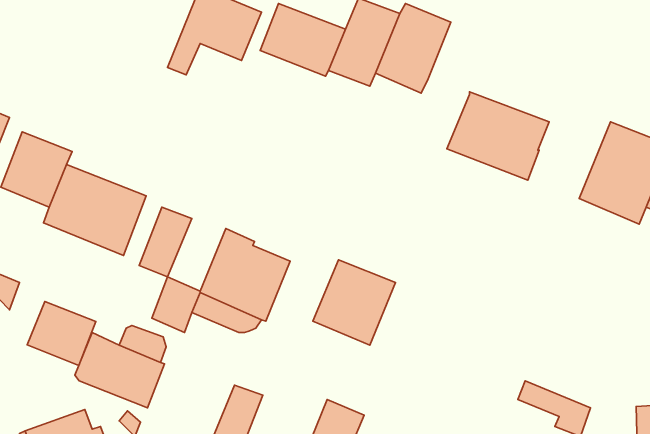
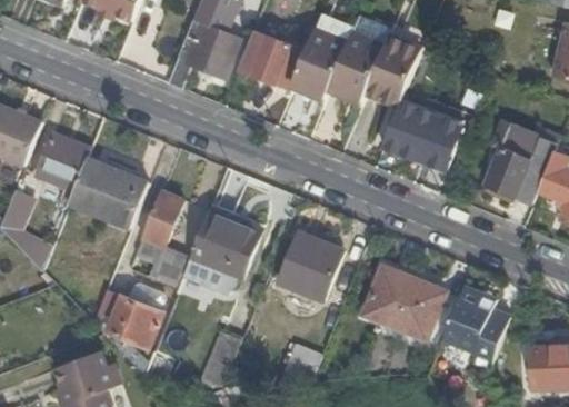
building: none -> [369,37,422,103]
building: none -> [365,265,446,336]
building: [27,301,96,365] -> none
building: none -> [445,285,509,348]

